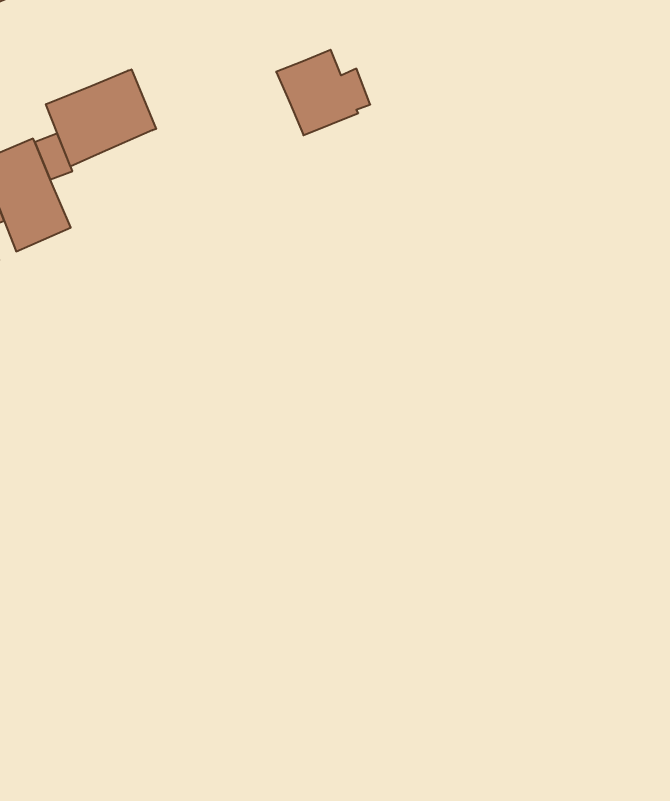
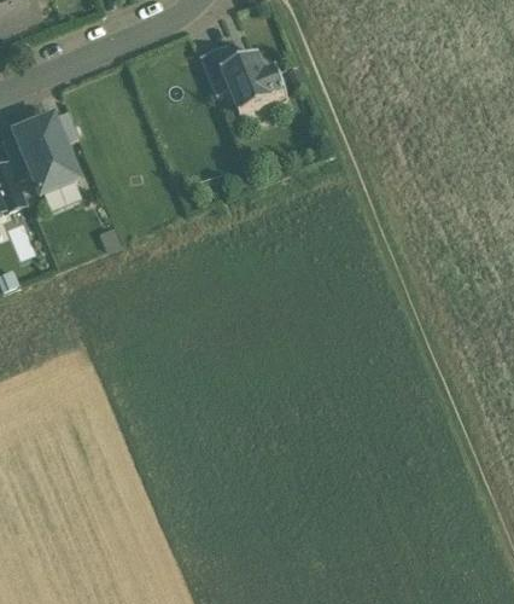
building: none -> [198,40,236,93]
building: [46,69,156,166] -> none

